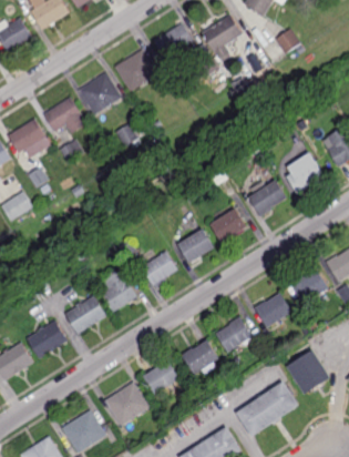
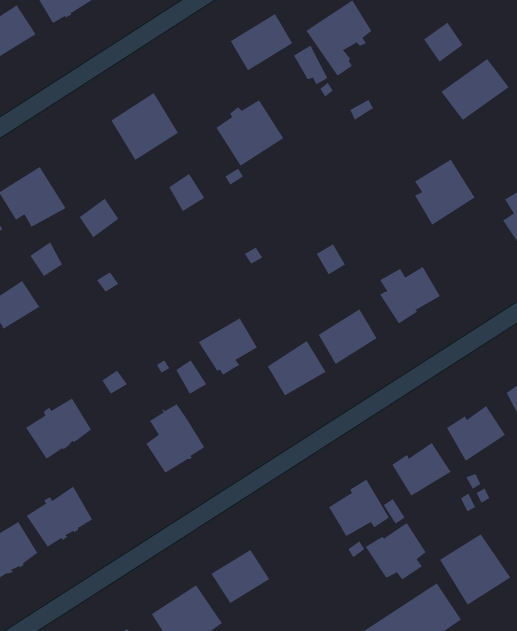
building: [114,48,157,90] -> [215,100,284,166]
building: none -> [440,58,510,121]
building: [42,95,86,132] -> none
building: [286,154,325,196] -> [414,159,476,225]
building: [141,251,178,287] -> [198,318,258,376]
building: [64,295,106,334] -> [25,398,92,459]
building: [181,338,219,375] -> [365,522,426,580]

